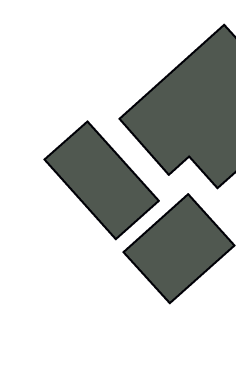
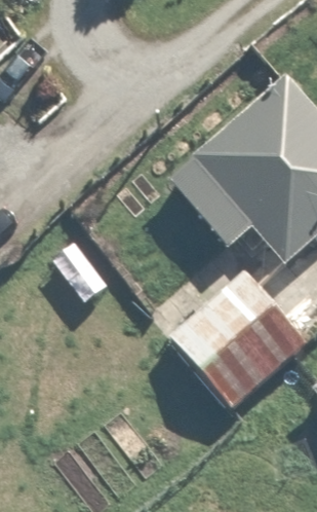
building: [45,121,159,239] -> none

